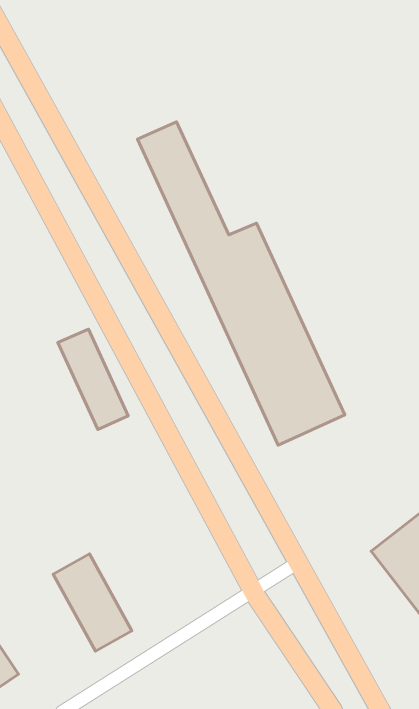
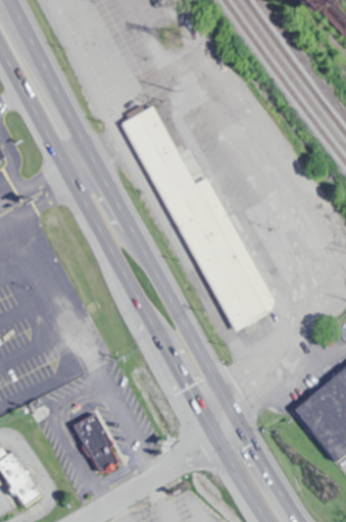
building: [58,329,128,429] -> none

